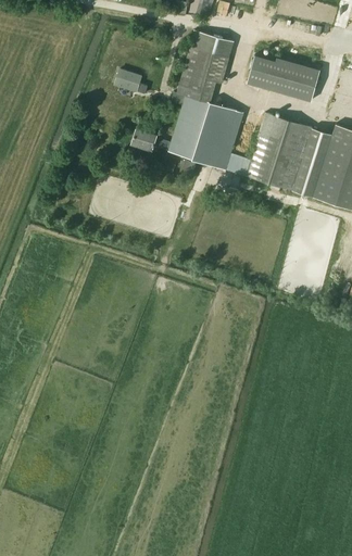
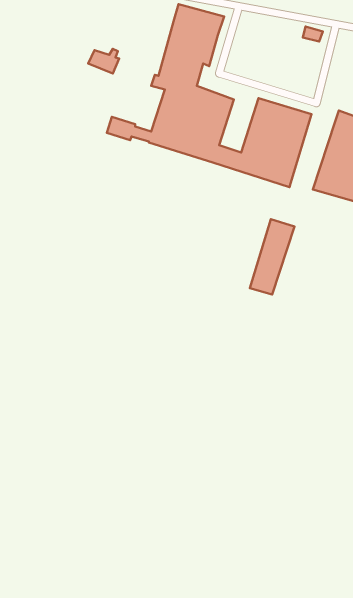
building: [247,56,320,102] -> none
building: [293,128,332,194] -> [250,219,294,294]

